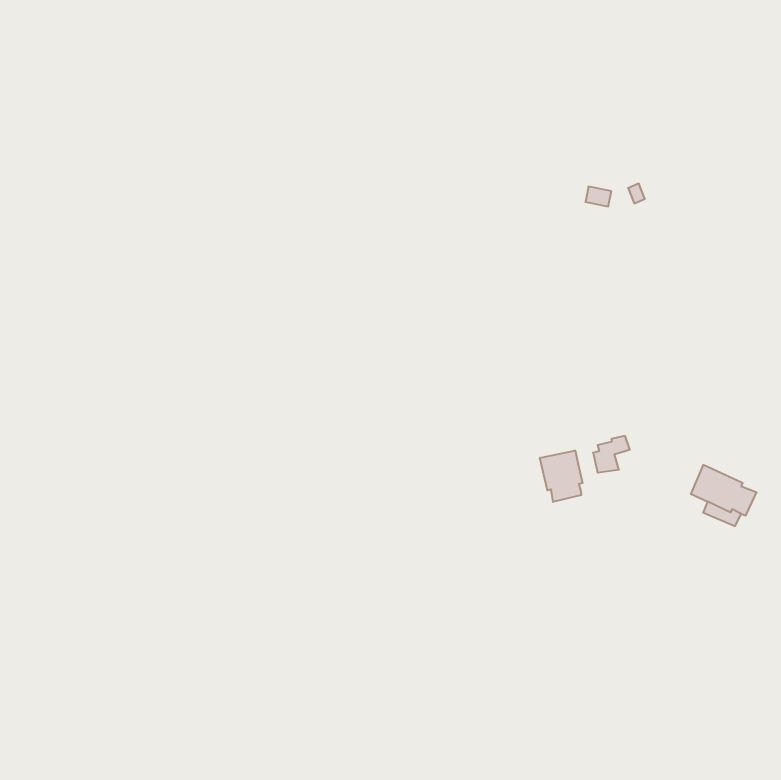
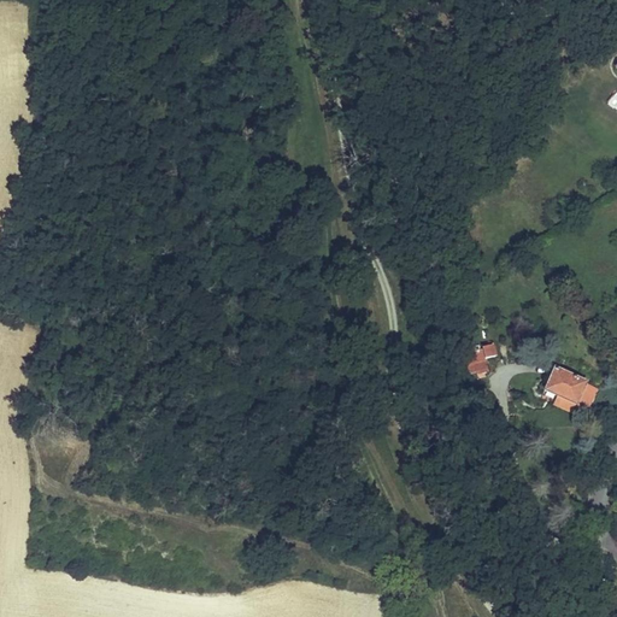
building: [540,450,583,502] -> none

